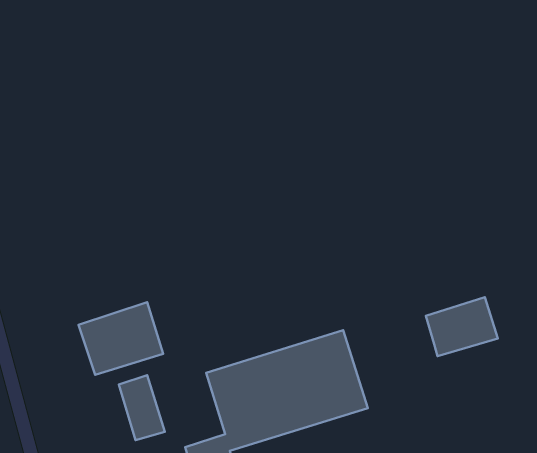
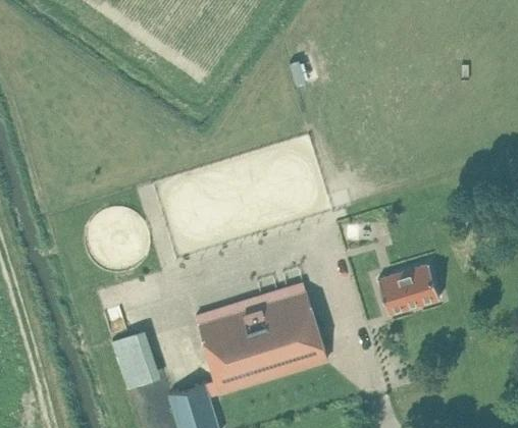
building: [79,302,163,375] -> none

